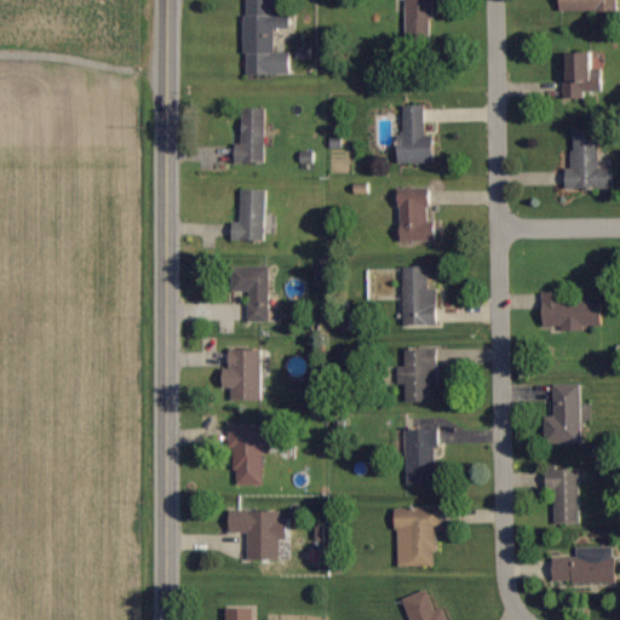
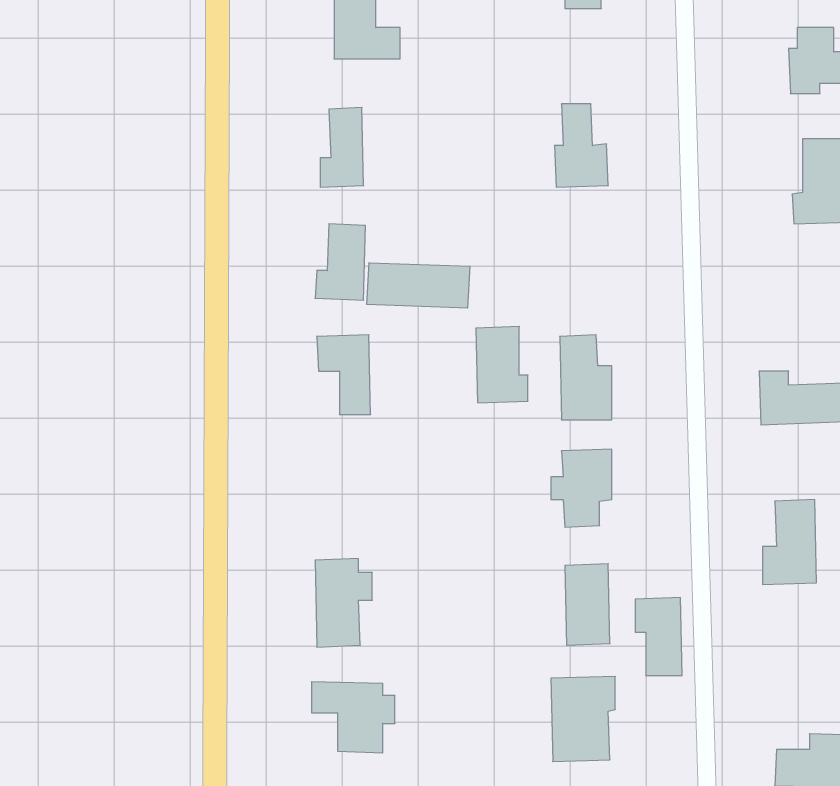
building: [398,189,435,242] -> [476,326,528,403]
building: none -> [367,263,470,308]
building: [223,349,260,400] -> none
building: [545,469,578,523] -> [635,598,682,676]

